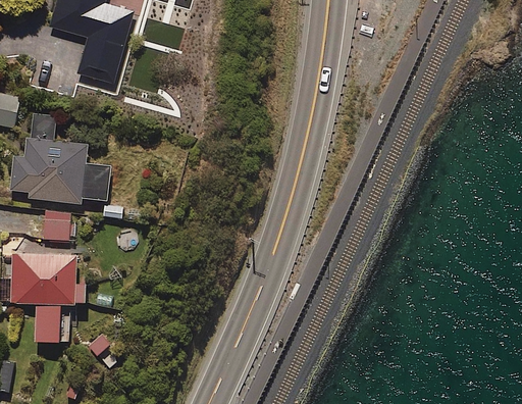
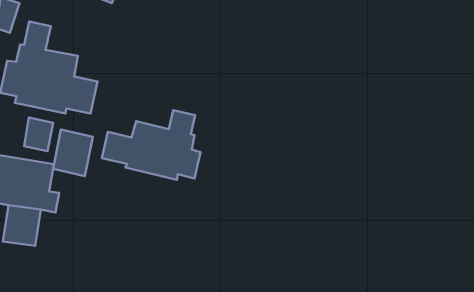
building: none -> [102,110,200,180]
building: none -> [53,130,93,176]

